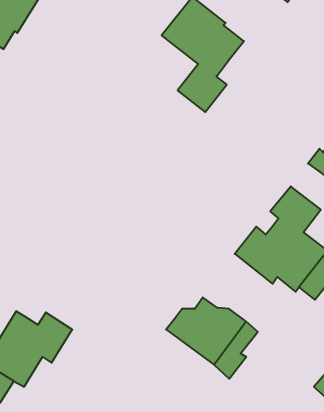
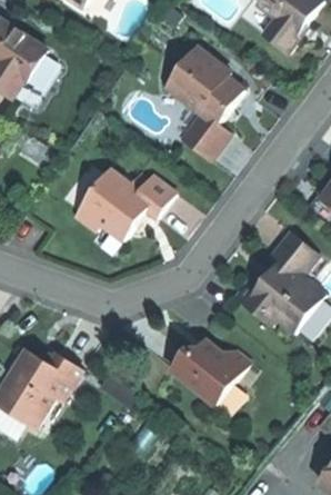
building: none -> [76,167,175,239]

